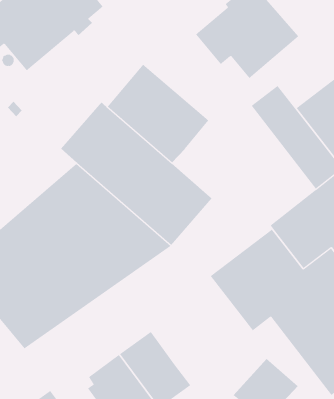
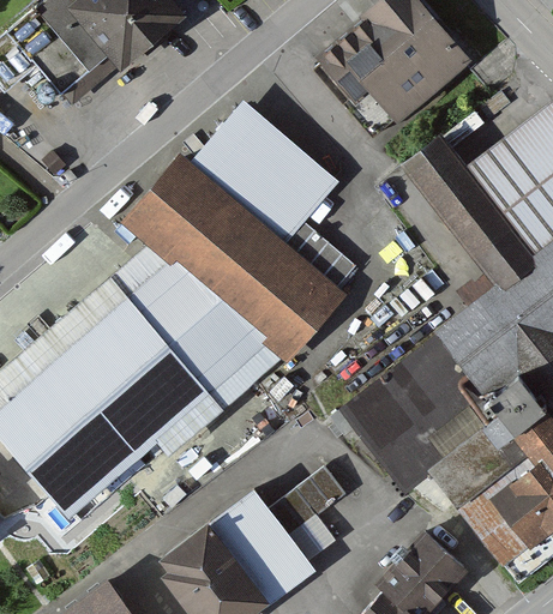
building: none -> [287,224,357,290]
building: none -> [269,468,347,538]

